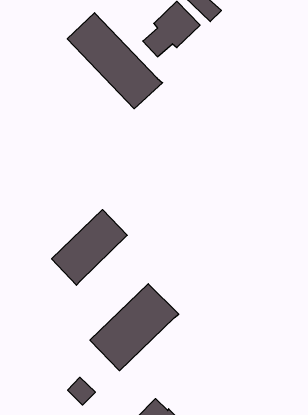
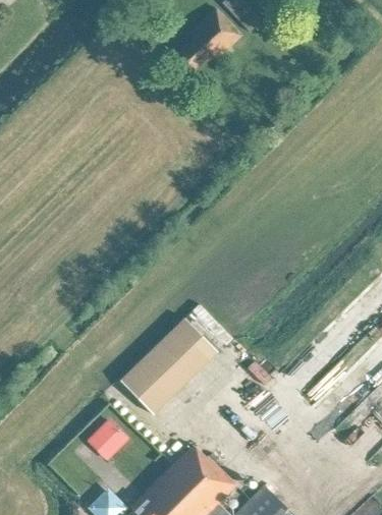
building: [67,13,163,109] -> none
building: [52,210,127,285] -> none

